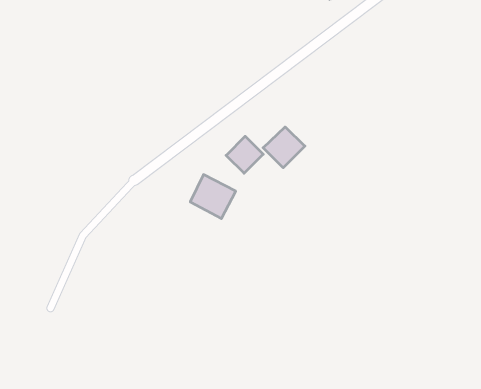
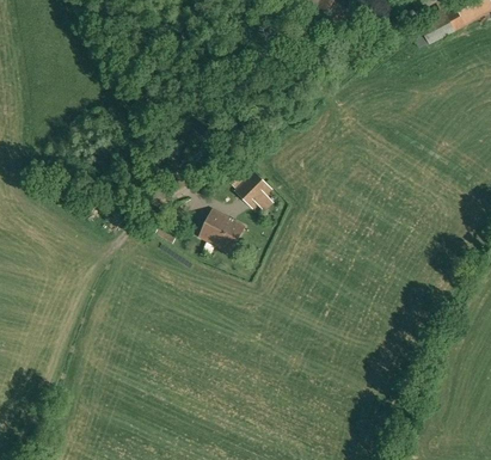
building: [263,127,305,168] -> none

